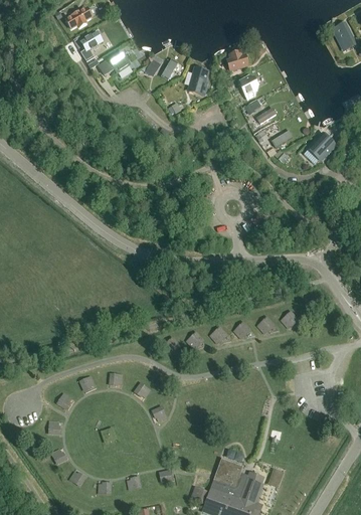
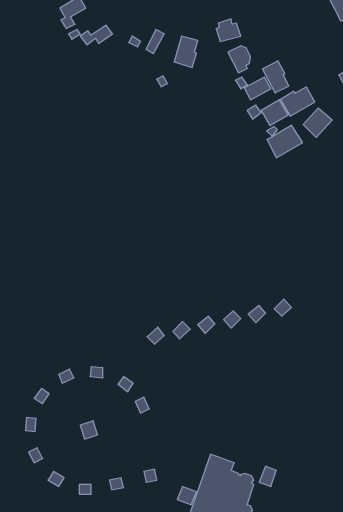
building: none -> [263,61,289,93]
building: none -> [281,87,315,116]
building: none -> [267,125,302,158]

